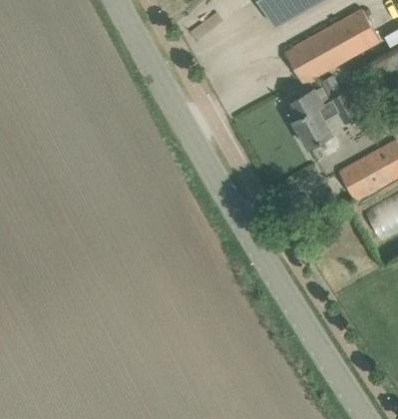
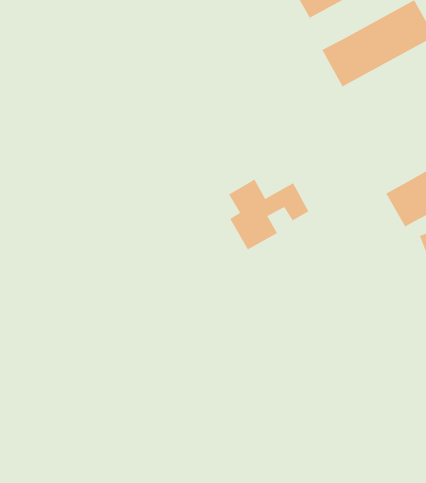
building: [293,88,360,147] -> [228,179,309,250]

